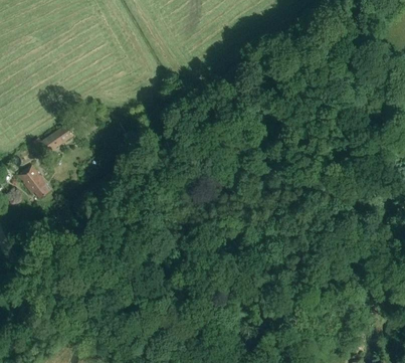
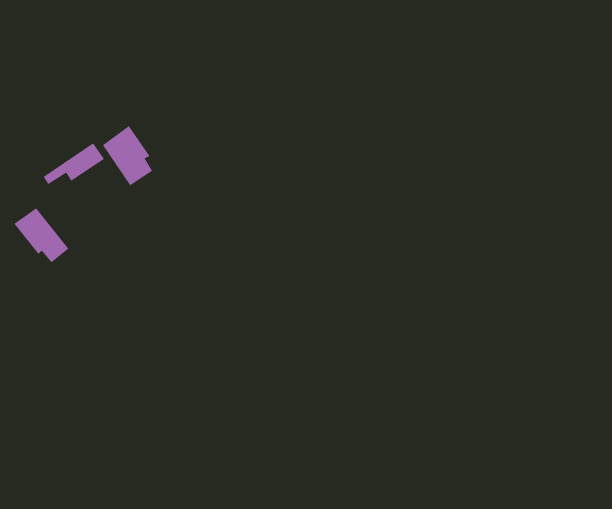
building: none -> [102,125,153,186]

